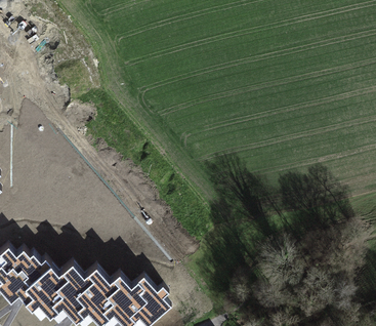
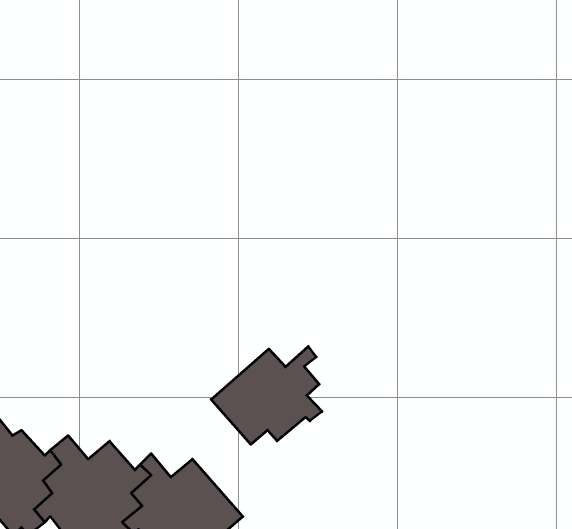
building: none -> [211,346,322,444]

